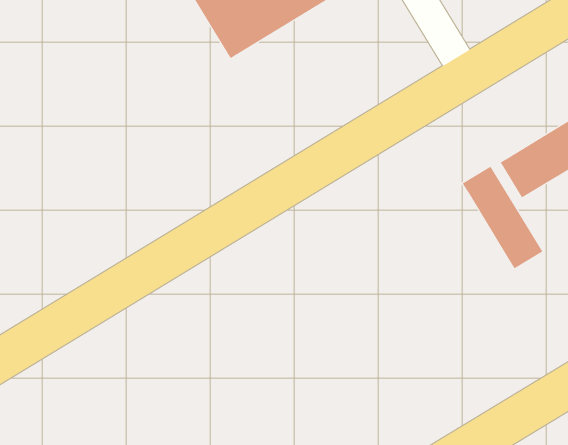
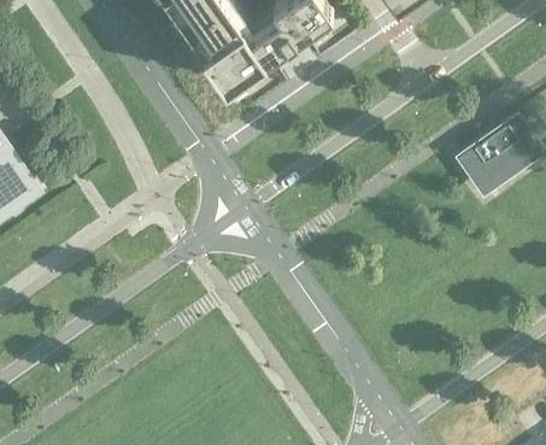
building: [462,166,543,269] -> none

